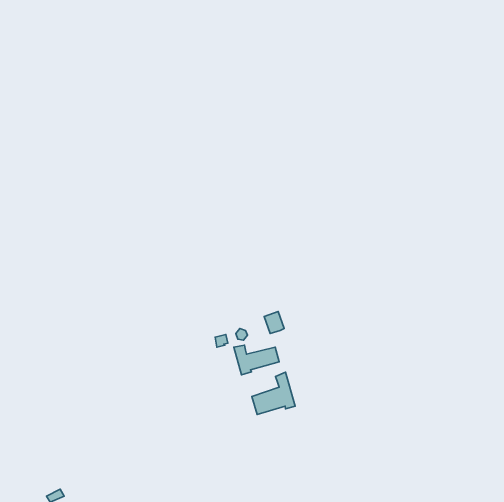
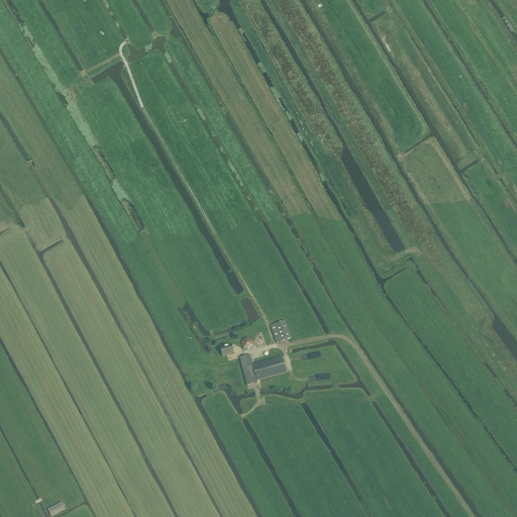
building: [252,372,295,414] -> none

